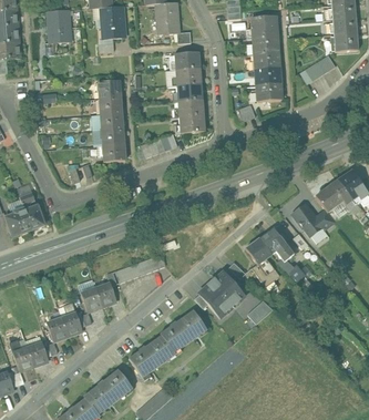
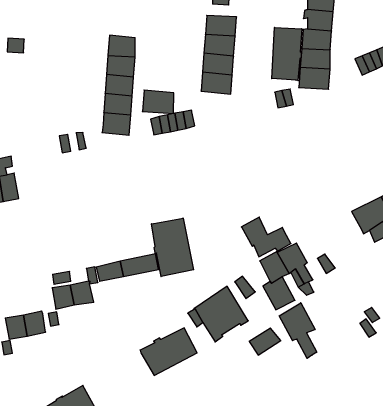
building: none -> [272,27,302,81]
building: [178,115,205,134] -> [142,90,174,113]
building: [291,204,334,236] -> [241,217,291,257]
building: none -> [152,218,194,277]
building: none -> [279,303,317,358]
building: [129,336,175,378] -> none

